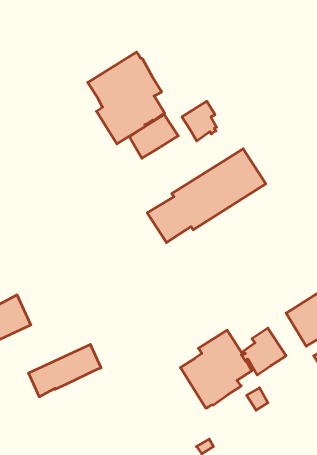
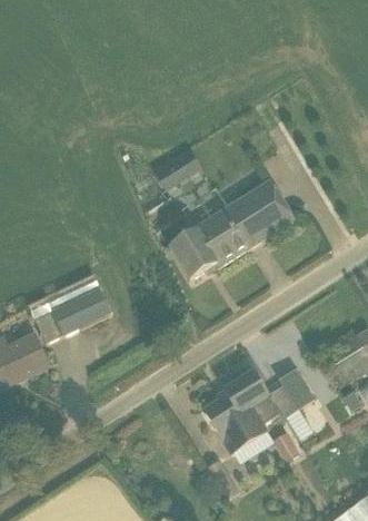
building: [88,52,165,144] -> none
building: [182,101,217,141] -> none
building: [28,344,101,397] -> [36,289,111,344]

